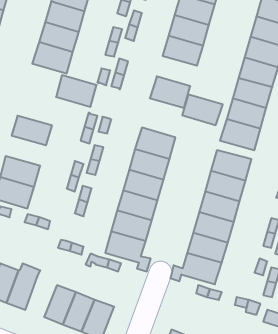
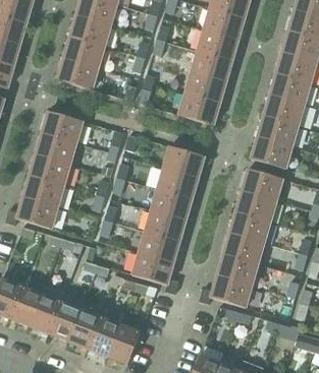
building: [56,75,97,107] -> [41,111,83,143]
building: [182,95,223,125] -> [184,71,226,103]
building: none -> [29,153,70,185]
building: none -> [49,300,82,340]

